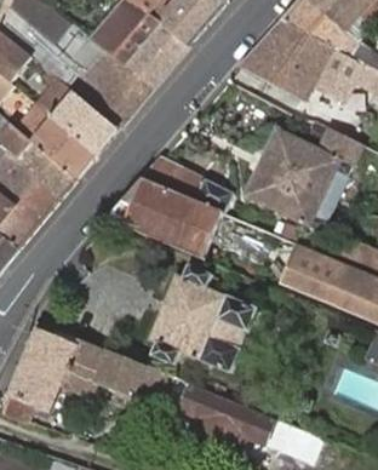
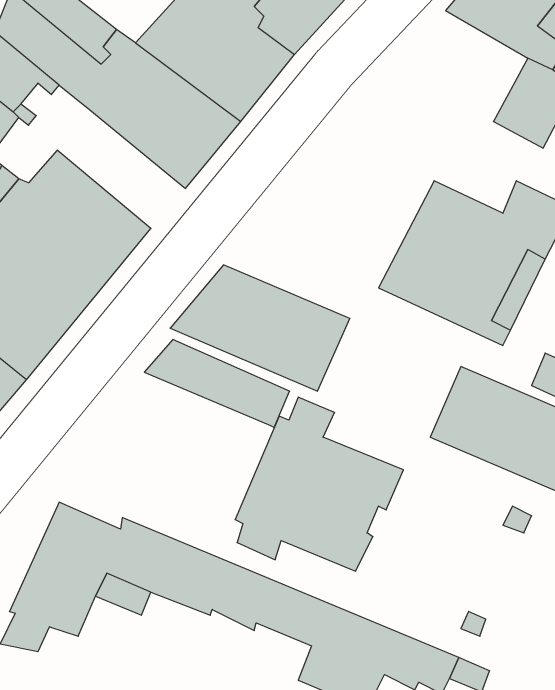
building: [241,17,336,99] -> none
building: [38,80,119,155] -> none
building: [143,157,235,213] -> [144,340,290,428]

